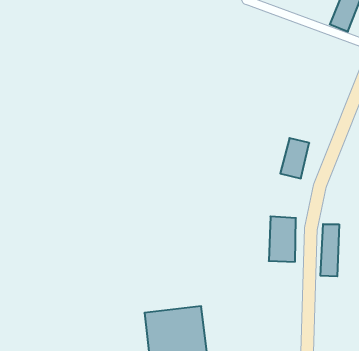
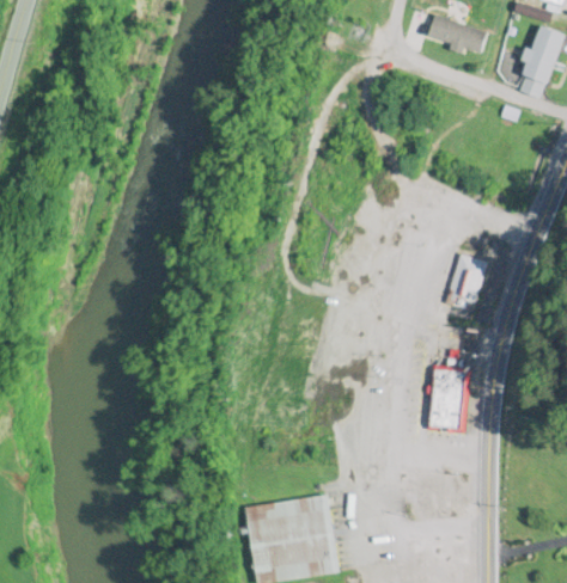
building: [320,224,339,276] -> none

